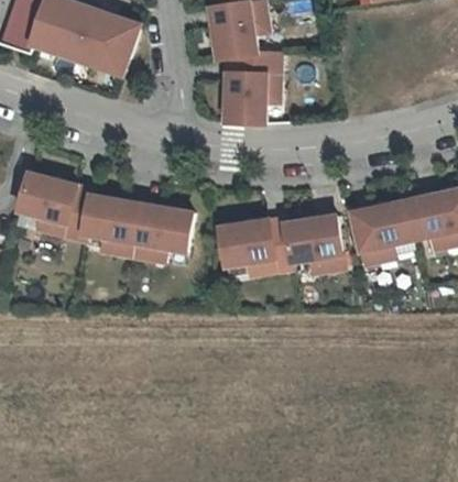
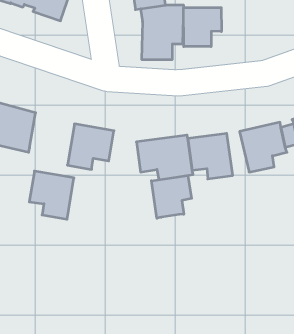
building: none -> [184,7,221,47]
building: [83,195,140,256] -> [29,171,74,219]
building: none -> [151,176,192,218]

